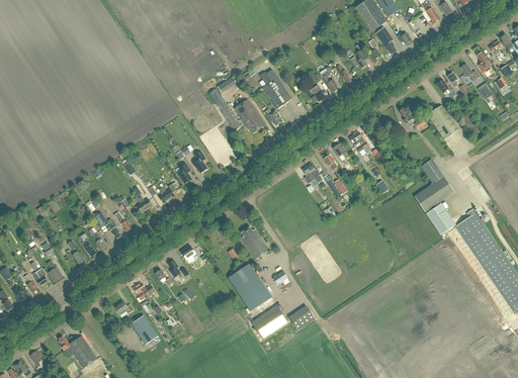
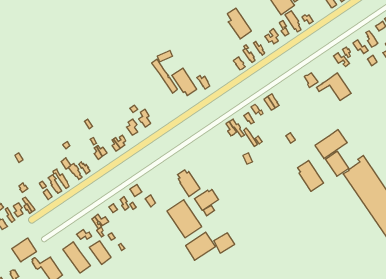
building: [261,69,291,107] -> [227,8,251,39]
building: none -> [298,160,324,191]
building: none -> [194,189,219,210]
building: none -> [12,238,36,262]
building: none -> [63,242,90,273]

